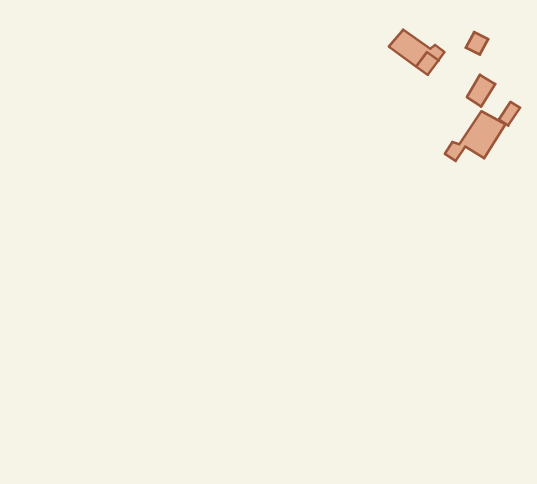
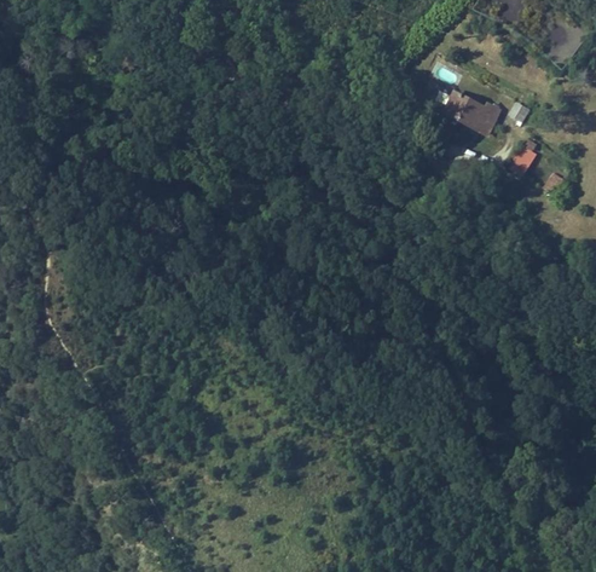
building: [445,111,506,161] -> none

